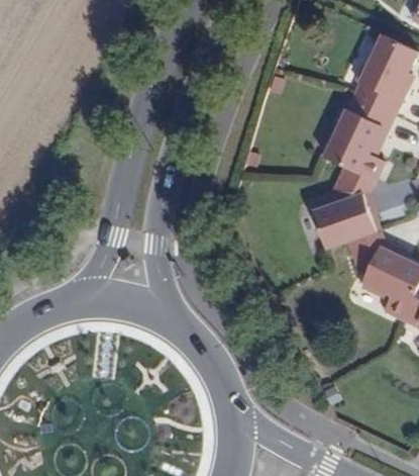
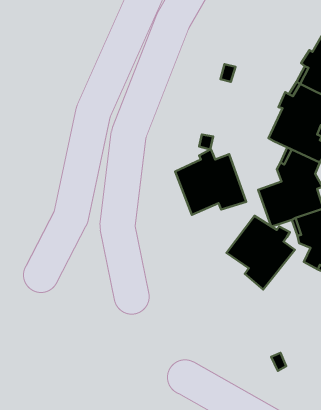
building: none -> [175,149,246,215]
building: none -> [227,216,295,290]

